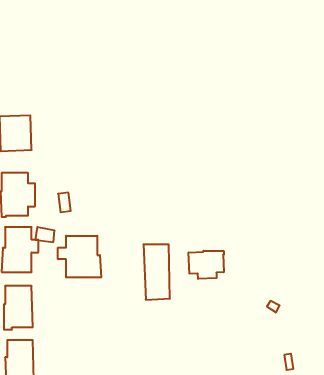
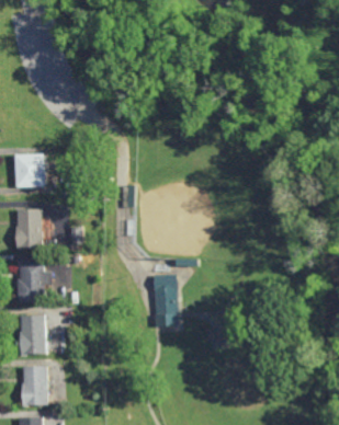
building: [58,236,101,277] -> none
building: [189,251,224,279] -> none

